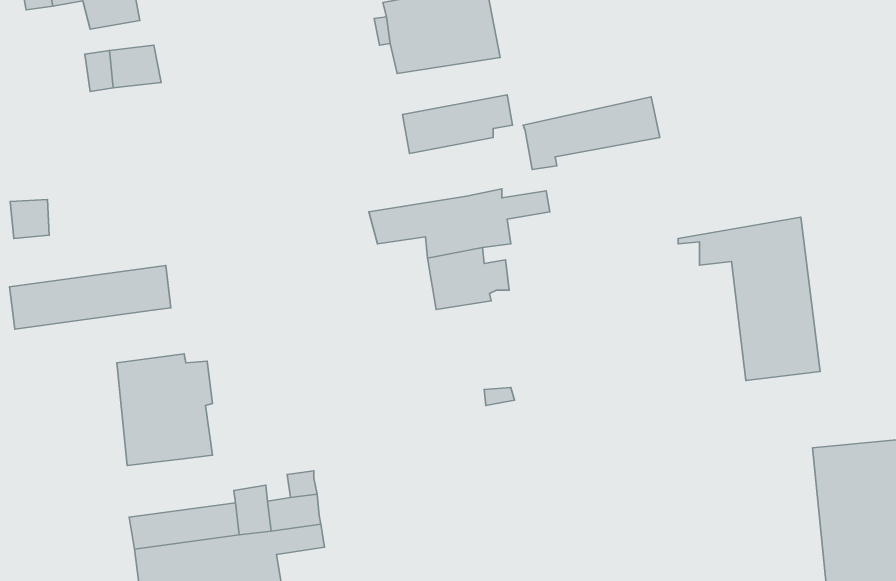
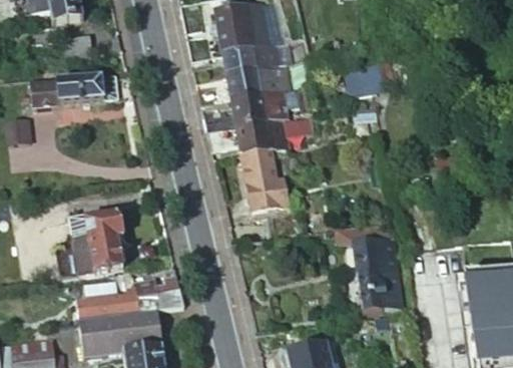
building: none -> [225,43,288,75]
building: none -> [206,85,294,130]
building: [678,217,820,380] -> [323,219,403,311]
building: [9,265,171,329] -> [27,75,118,111]
building: none -> [247,174,287,211]

